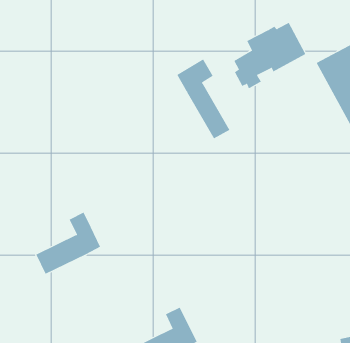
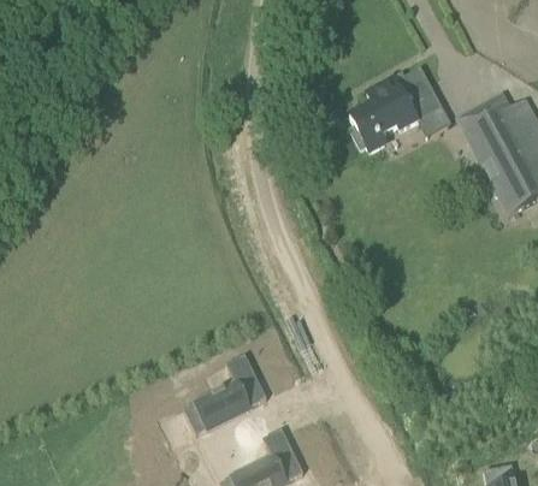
building: [177,59,230,139] -> none
building: [36,212,101,274] -> [183,355,266,434]

